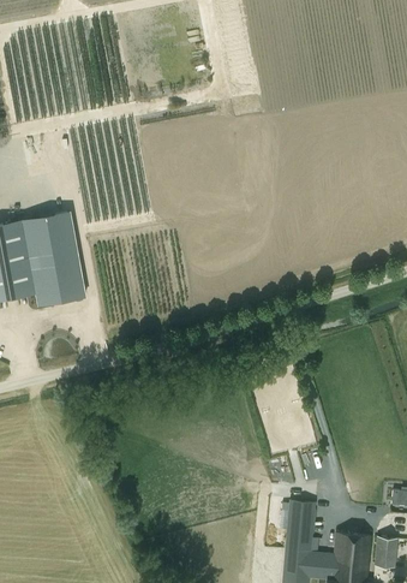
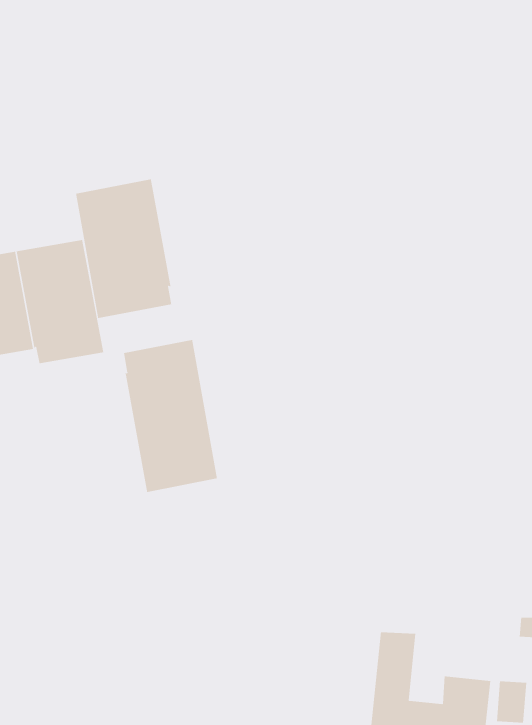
building: none -> [75,178,172,319]
building: none -> [124,339,217,493]

